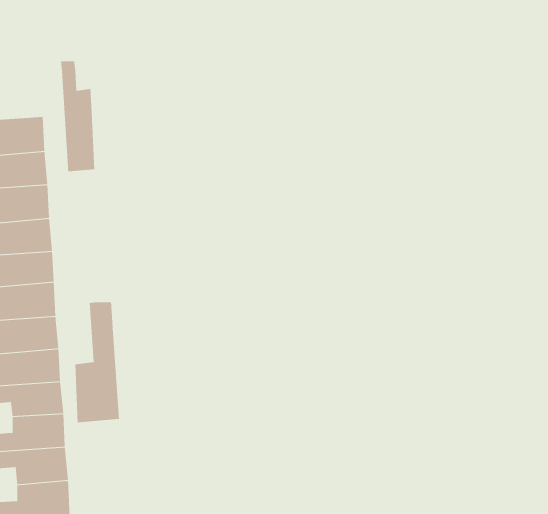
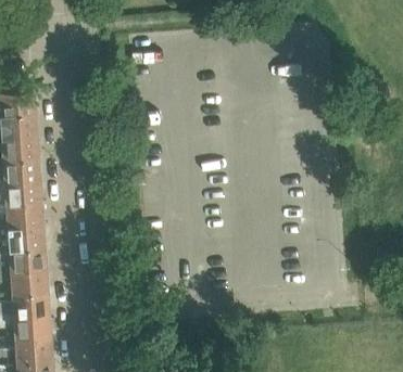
building: [60,61,95,172] -> none
building: [75,301,120,423] -> none

